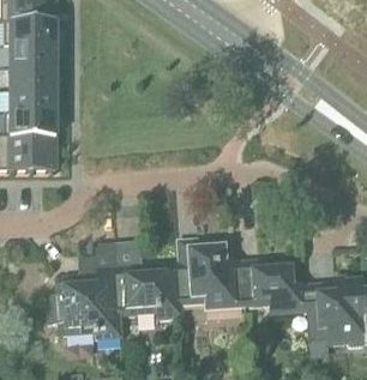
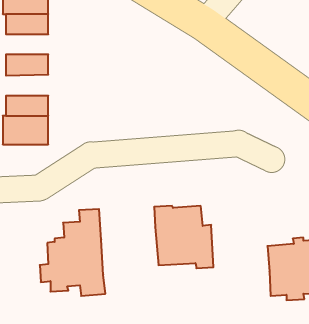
building: [8,43,56,66] -> none
building: [8,89,56,113] -> none
building: [114,240,182,318] -> none
building: [241,257,307,314] -> none

